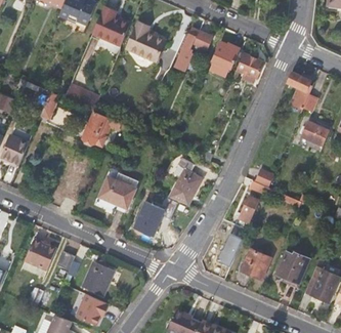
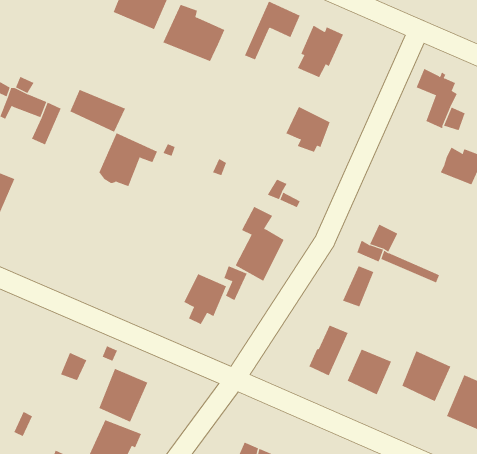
building: [236,52,264,82] -> [286,106,330,153]
building: [99,167,138,208] -> none
building: [27,238,56,269] -> none

